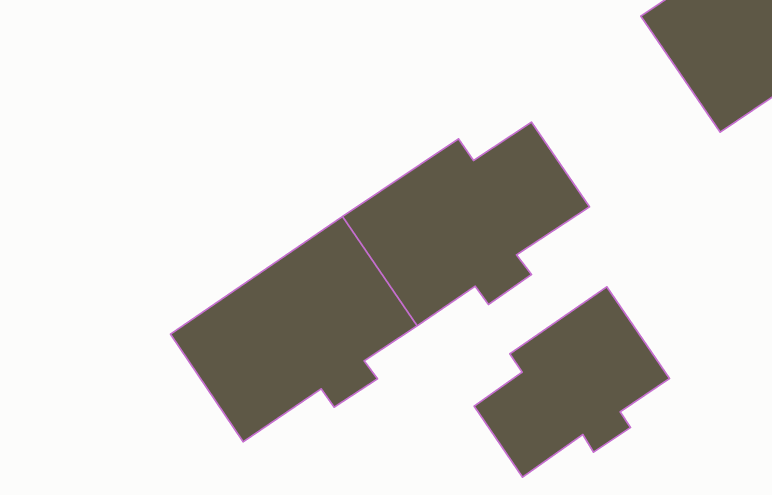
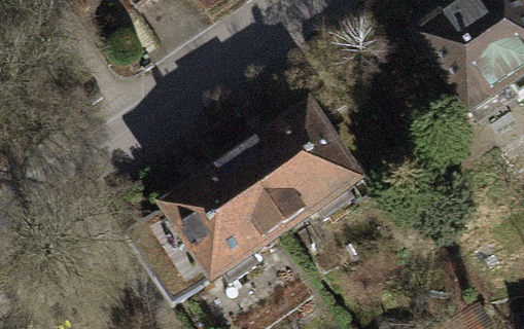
building: [474,287,669,477] -> none

